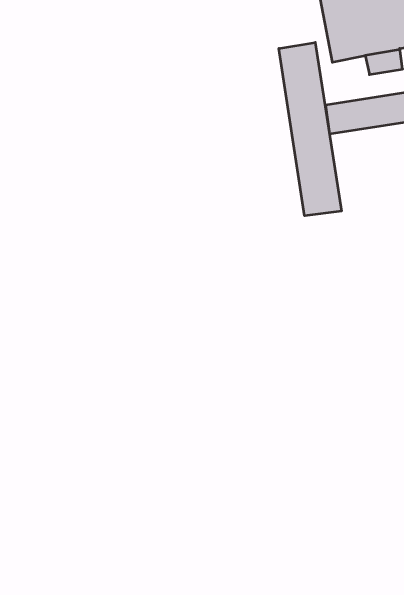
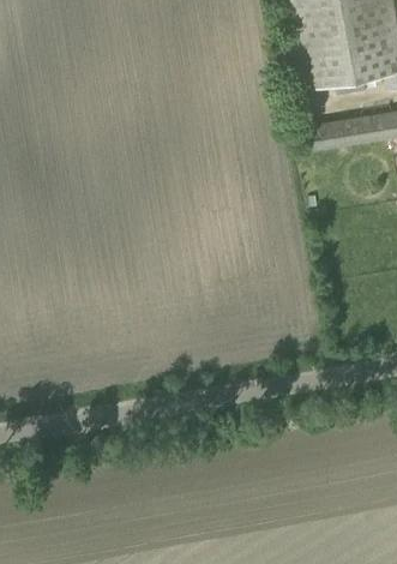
building: [279,42,341,216] -> none

